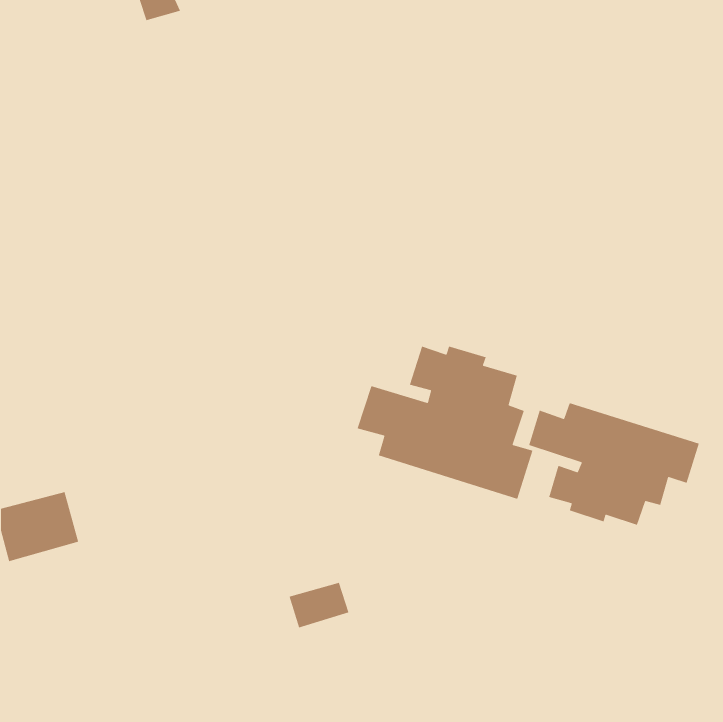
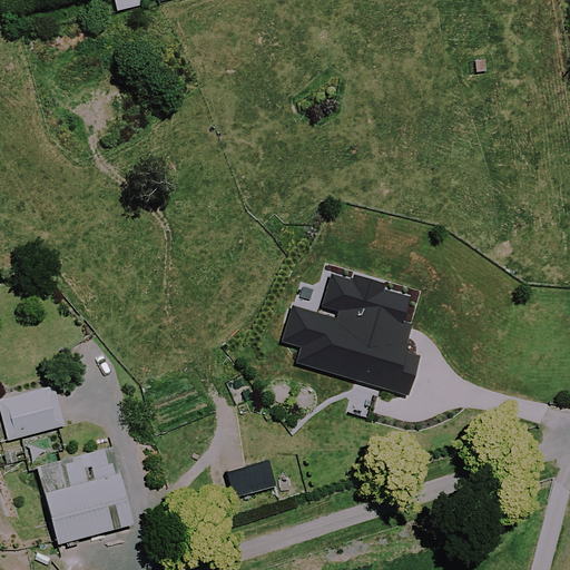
building: [528,402,700,526] -> none
building: none -> [36,450,128,544]

